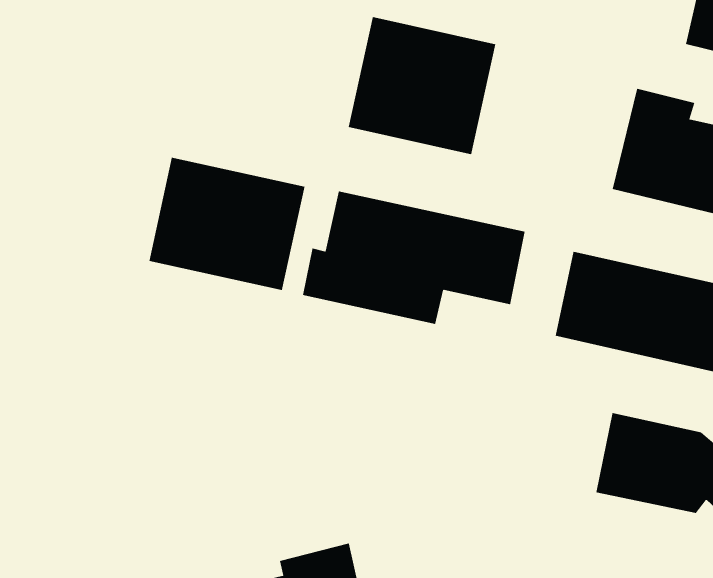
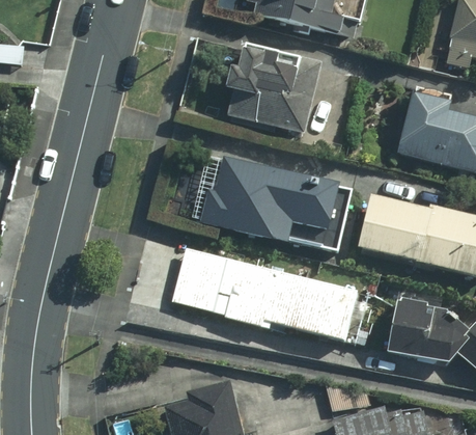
building: [149,157,305,291] -> none
building: none -> [169,247,358,345]

